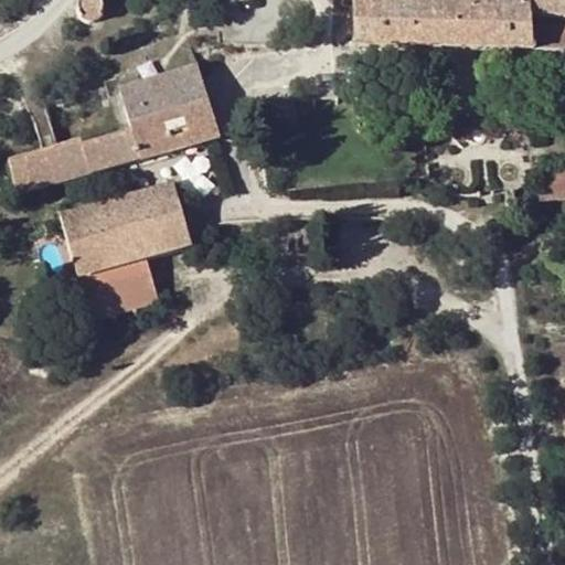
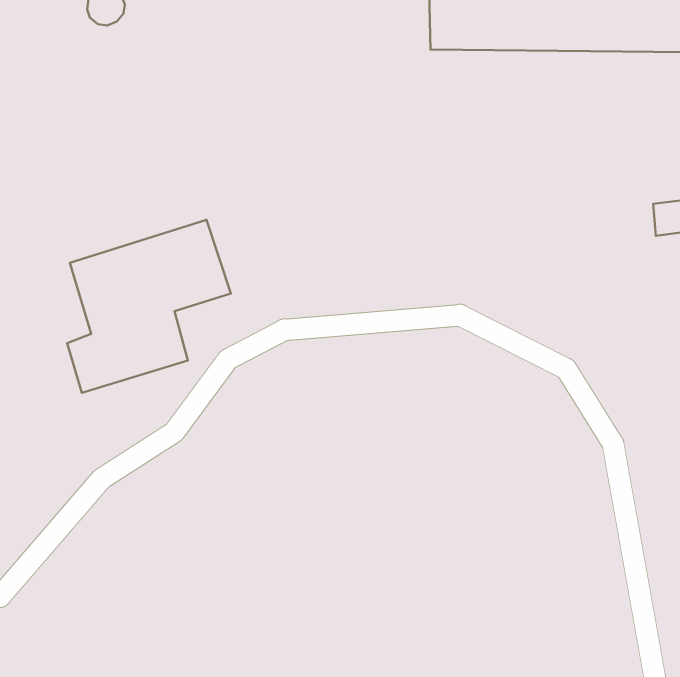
building: [10,60,218,193] -> none

